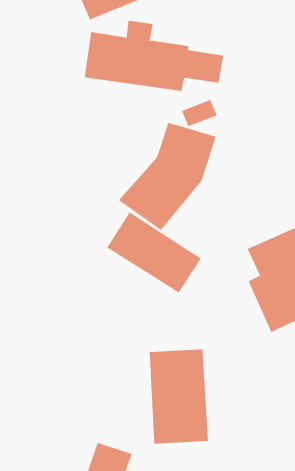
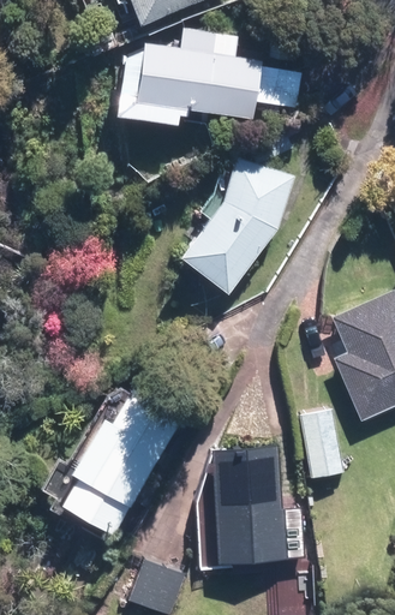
building: [107,212,202,294] -> none
building: none -> [54,384,182,536]
building: none -> [300,410,345,478]

